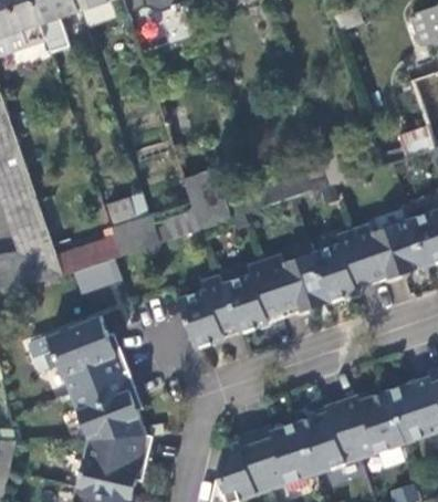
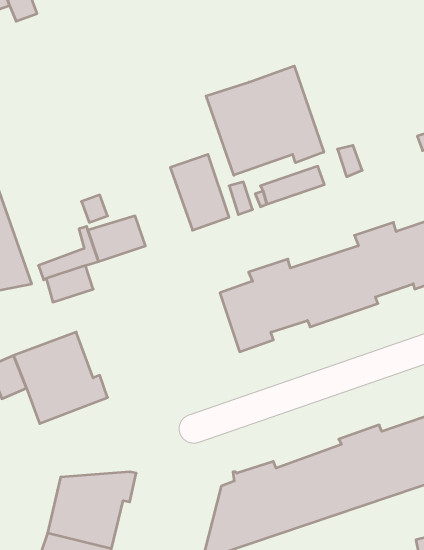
building: none -> [206,66,324,175]
building: [178,273,238,346] -> none
building: [71,370,147,438] -> none

